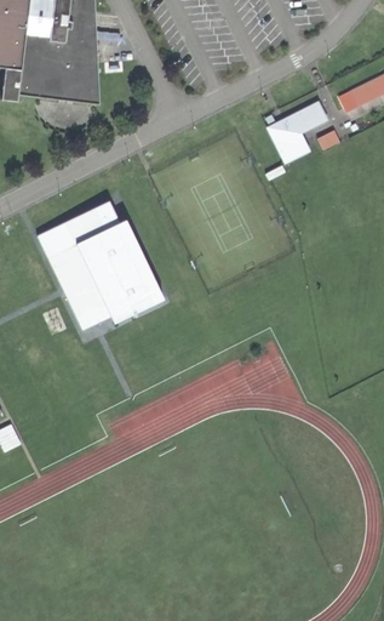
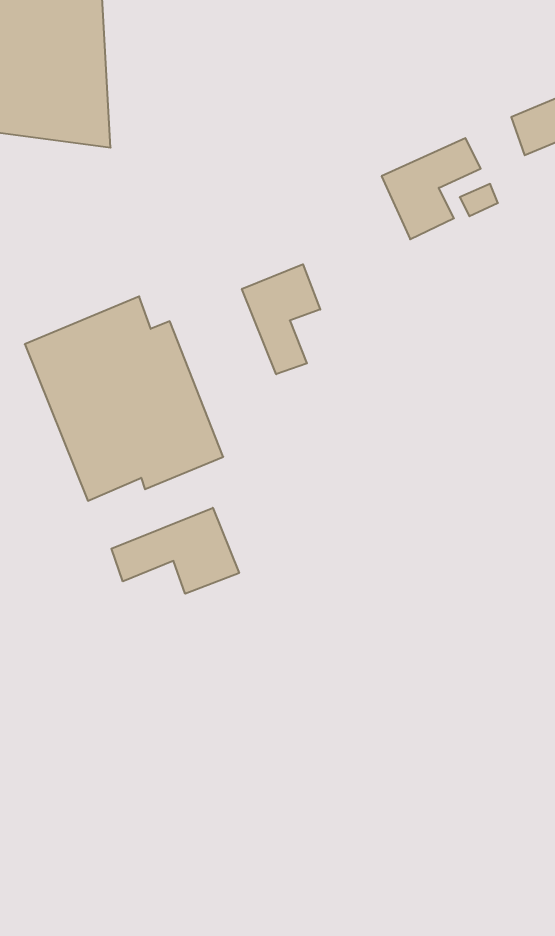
building: none -> [242,264,320,374]
building: none -> [111,508,239,594]

